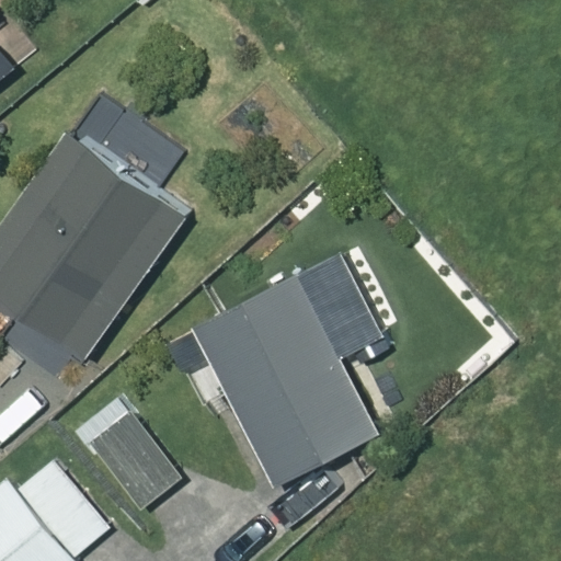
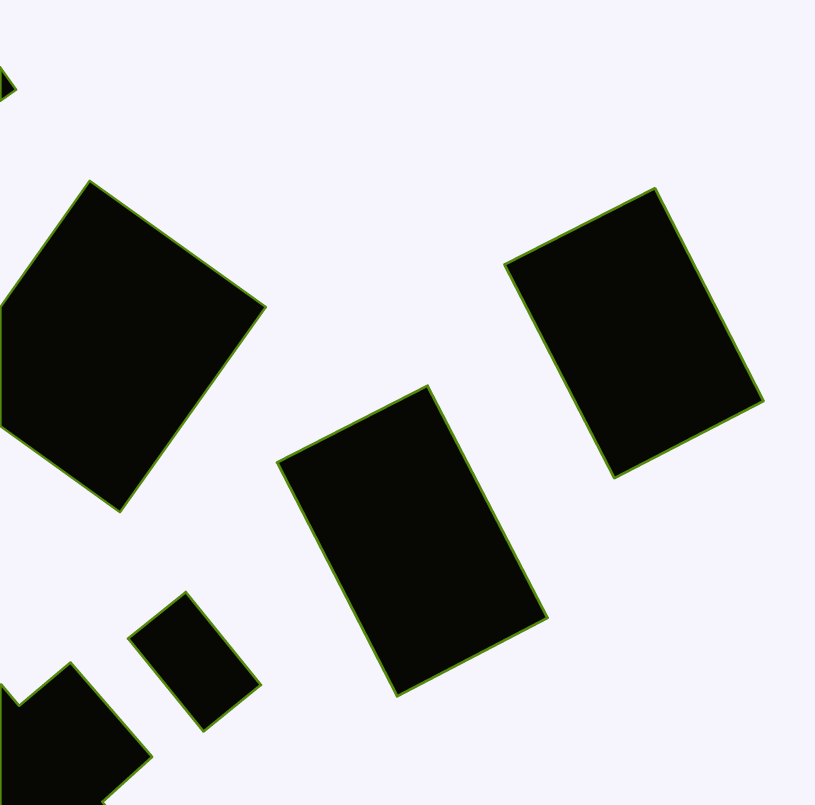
building: none -> [505,188,763,478]

